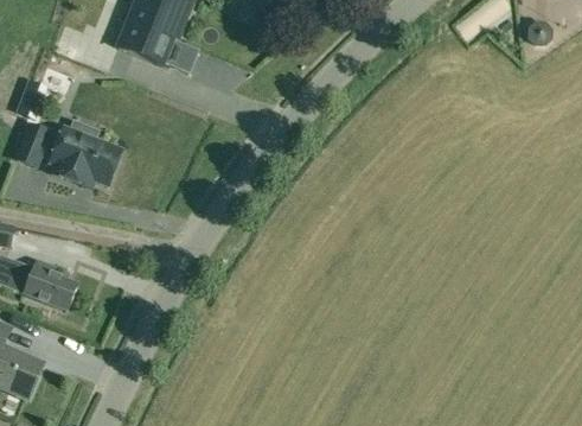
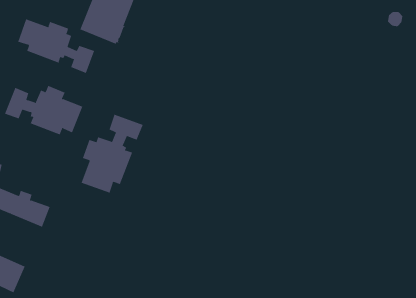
building: none -> [18,18,95,74]
building: none -> [81,114,143,194]

